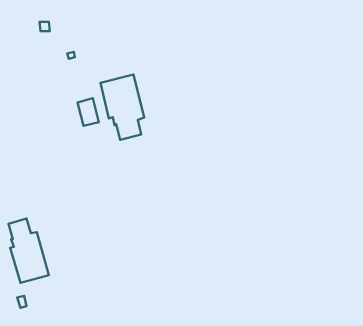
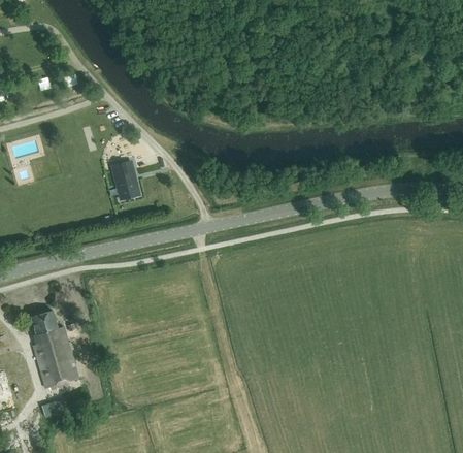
building: [101,74,144,140] -> none

